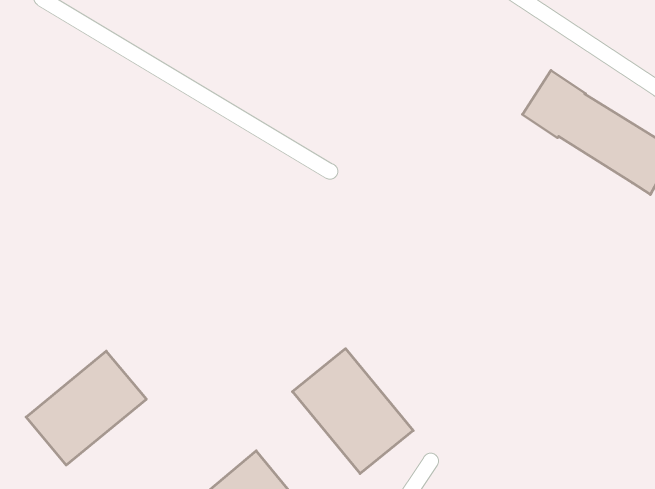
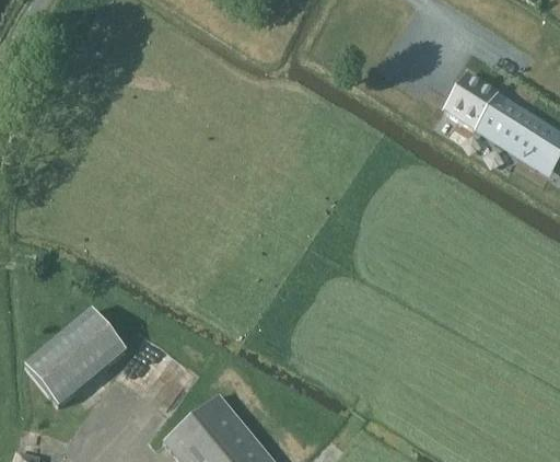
building: [292,349,413,474] -> none

